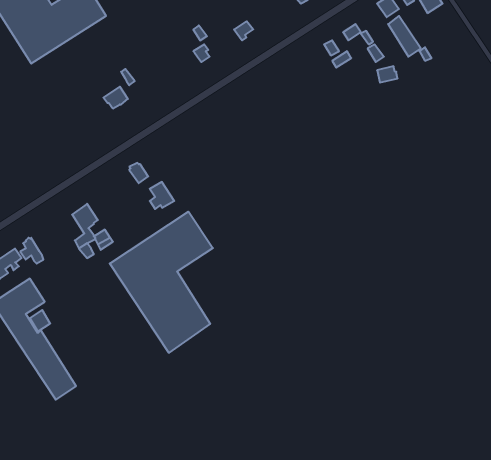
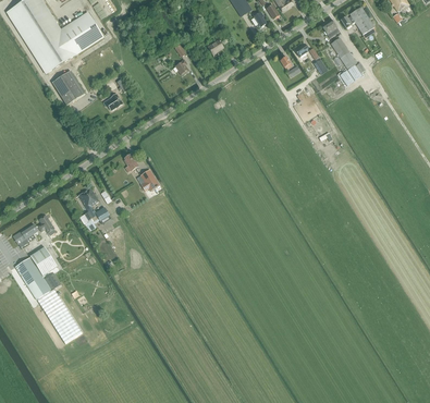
building: none -> [51,70,84,105]
building: [110,212,213,353] -> none

